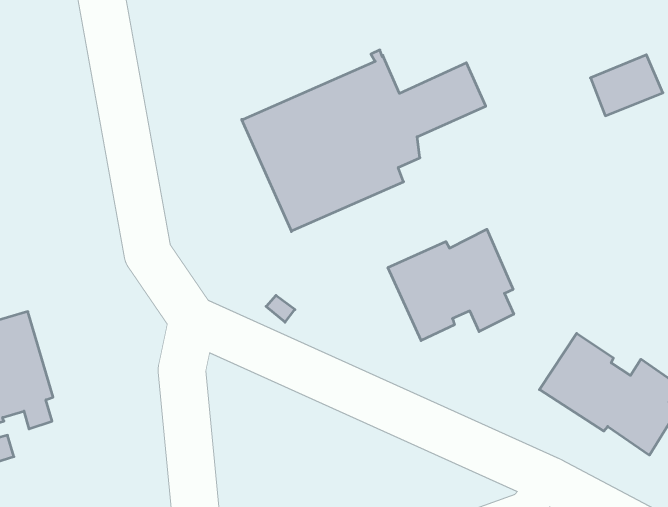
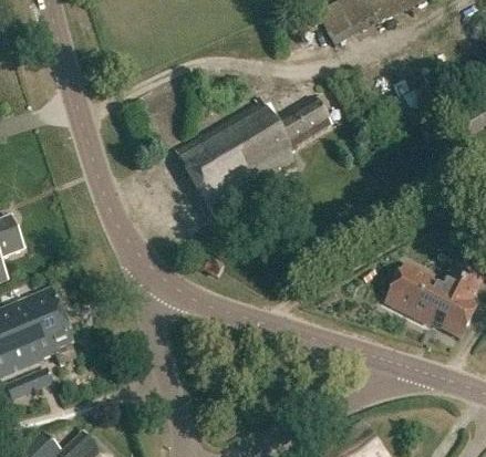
building: [388,229,514,341] -> none

